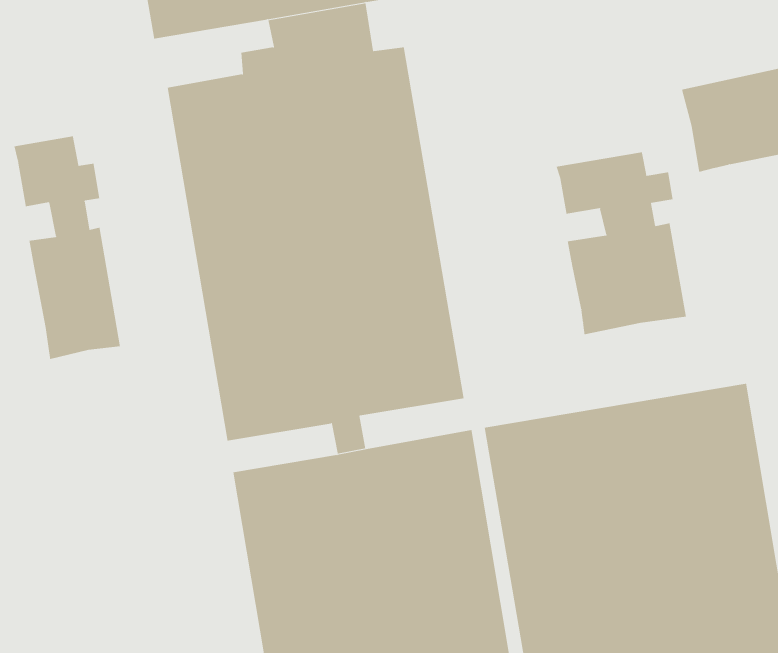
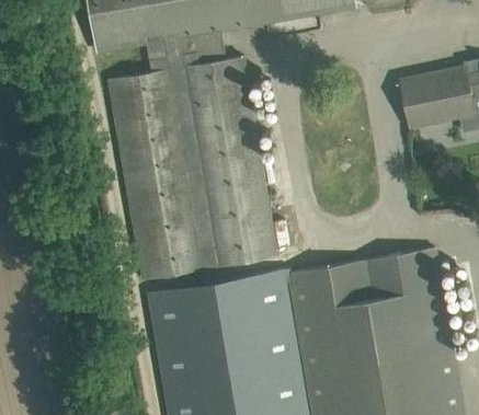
building: [14,136,121,360] -> none
building: [556,152,687,335] -> none

